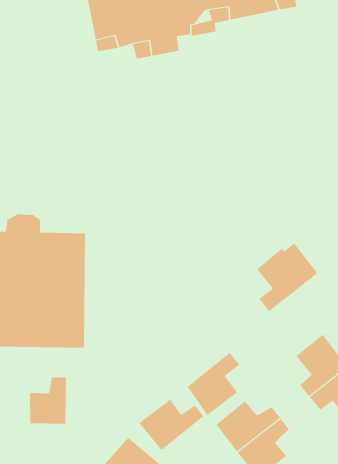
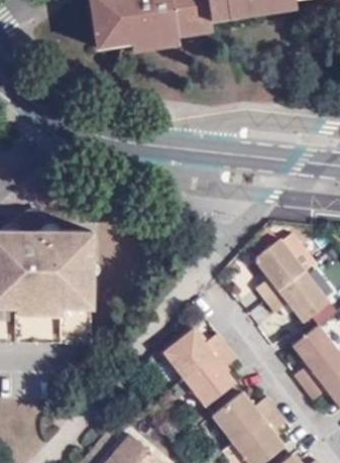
building: none -> [270,277,333,329]
building: [30,377,67,425] -> none
building: [139,399,204,451] -> [166,331,231,382]

